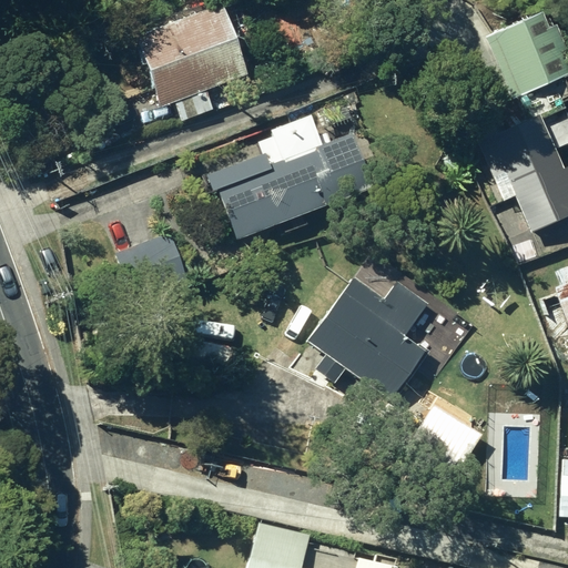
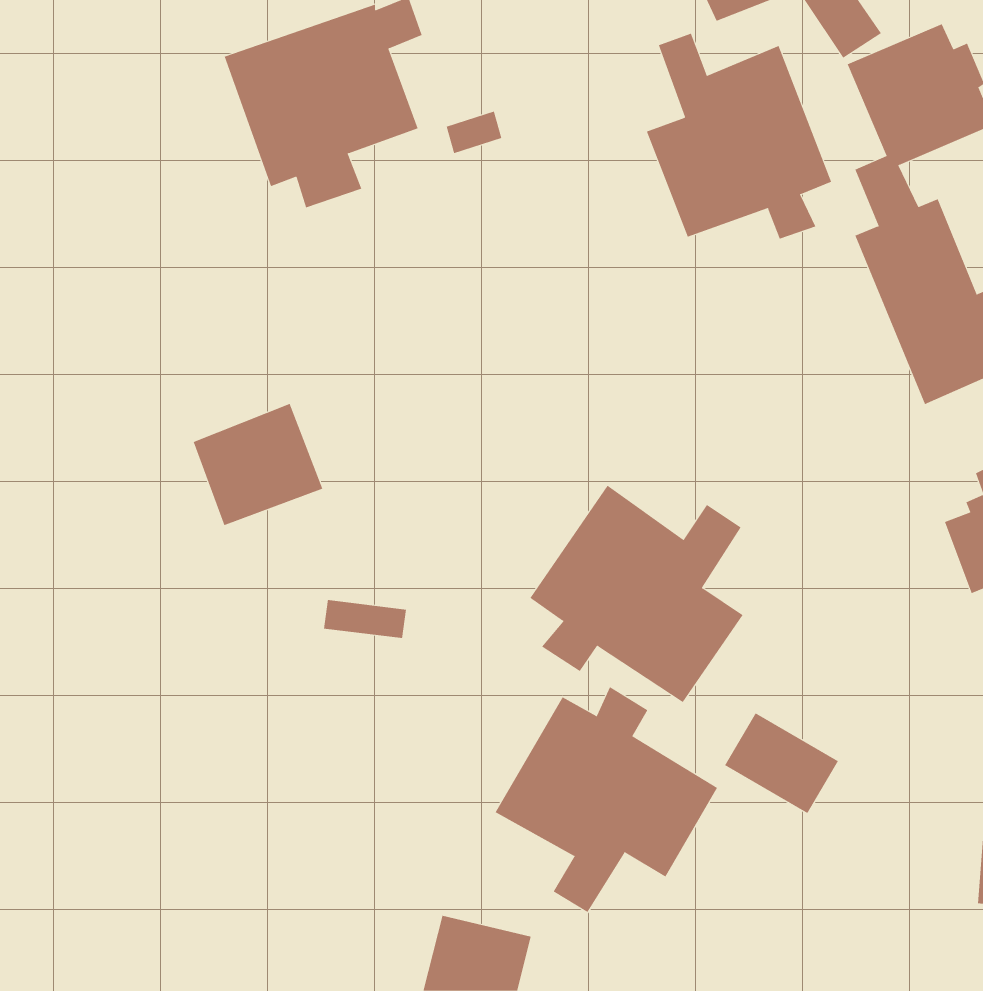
building: none -> [646,33,832,239]
building: [205,115,372,239] -> none
building: none -> [495,686,718,913]

